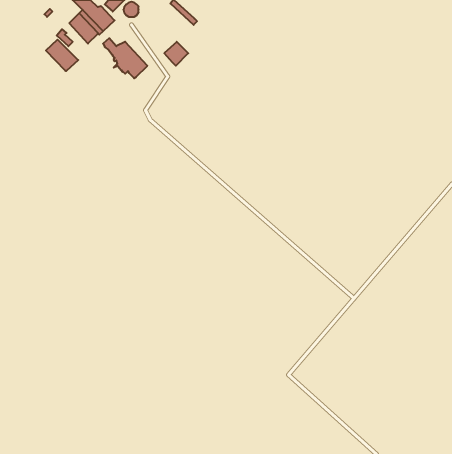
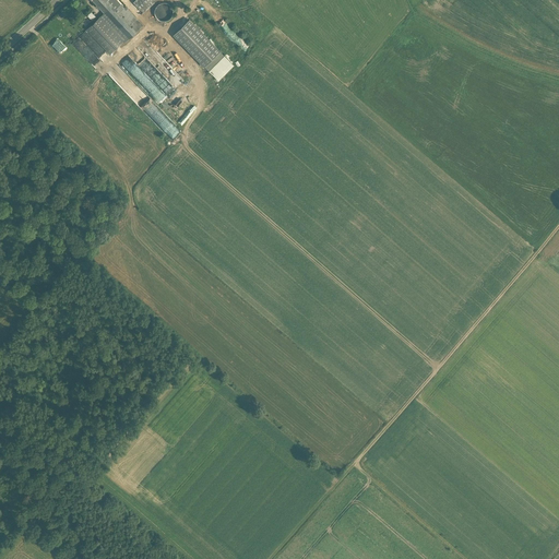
building: none -> [171,20,217,66]
building: [46,40,78,71] -> none

